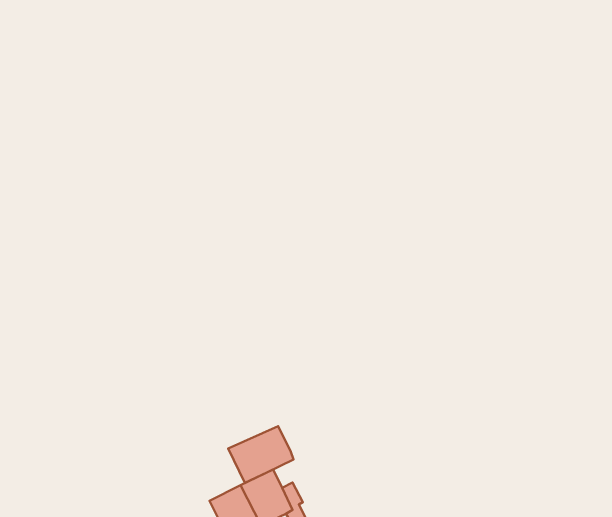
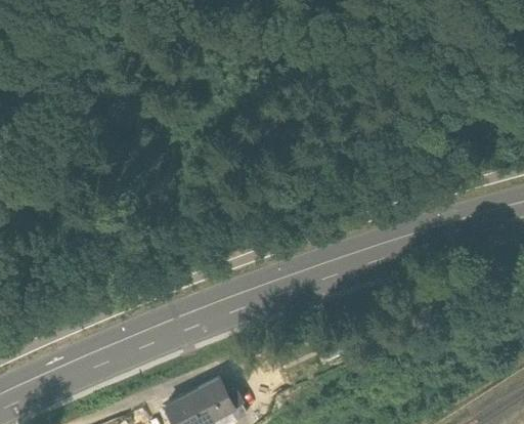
building: [228,426,293,483] -> none

